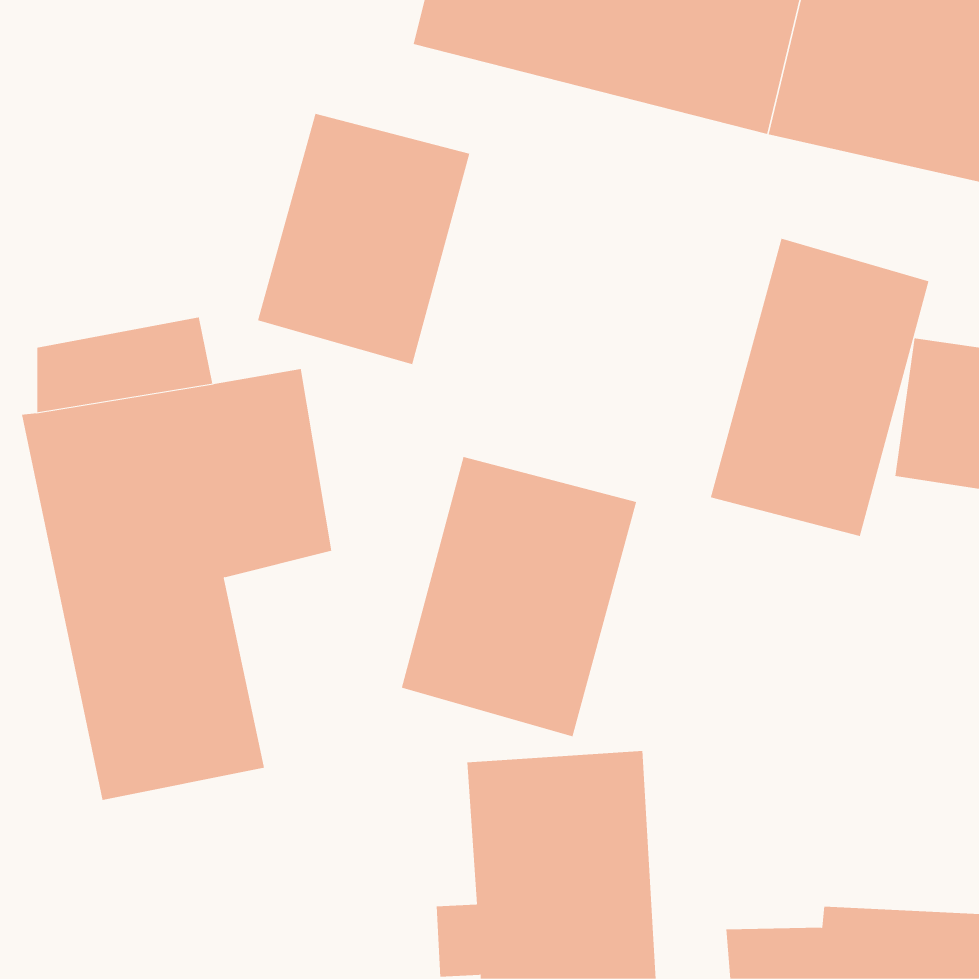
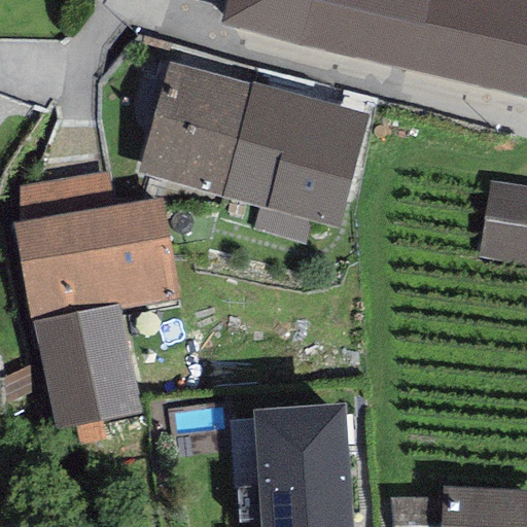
building: none -> [222,82,368,241]
building: [710,238,929,537] -> none
building: [401,456,637,737] -> none

